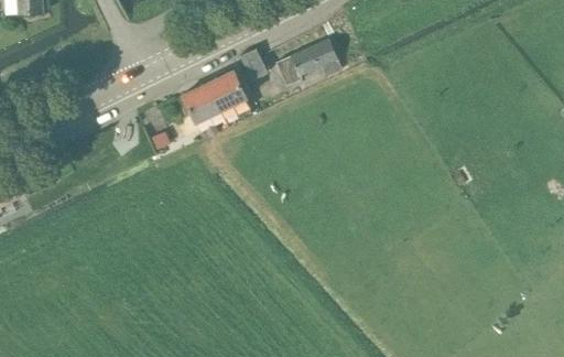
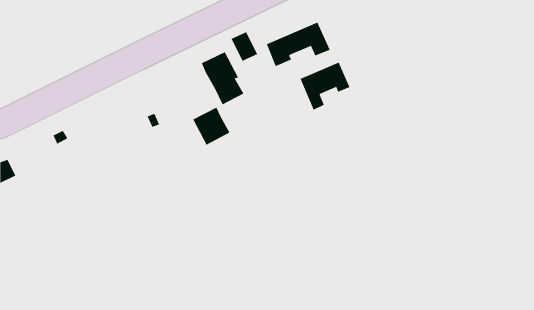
building: none -> [300,62,351,111]
building: [183,82,223,122] -> [192,106,231,146]

